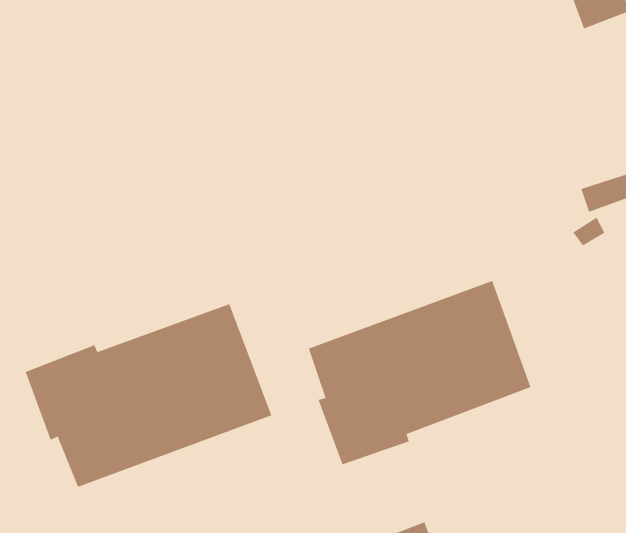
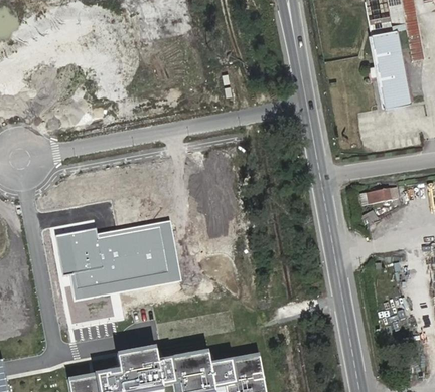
building: [308,280,531,465] -> none

